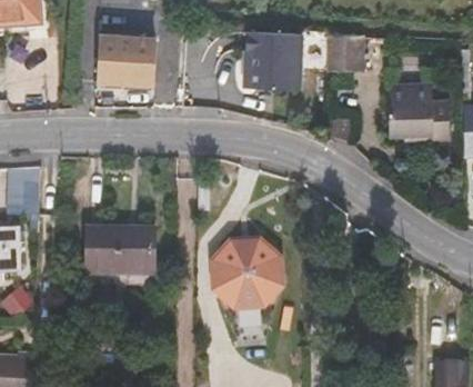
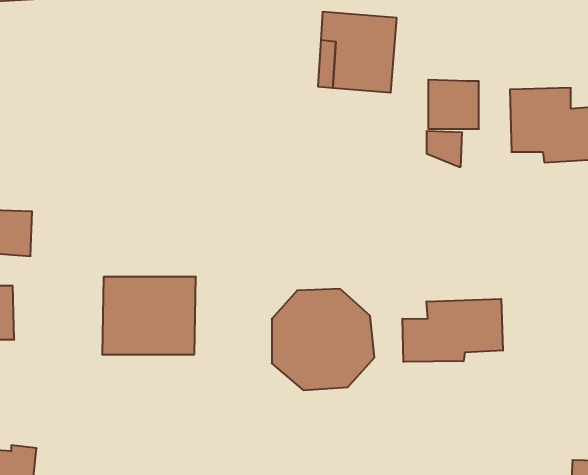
building: [95,34,152,83] -> none
building: [326,34,364,71] -> [428,80,479,129]
building: none -> [402,299,503,362]

